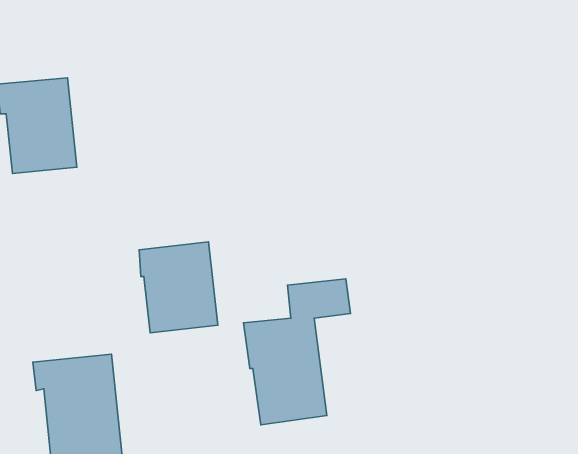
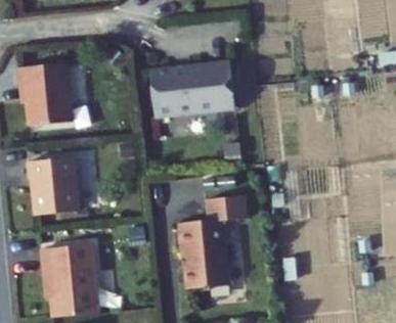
building: none -> [150,60,236,117]
building: [139,242,218,333] -> [26,154,77,214]

